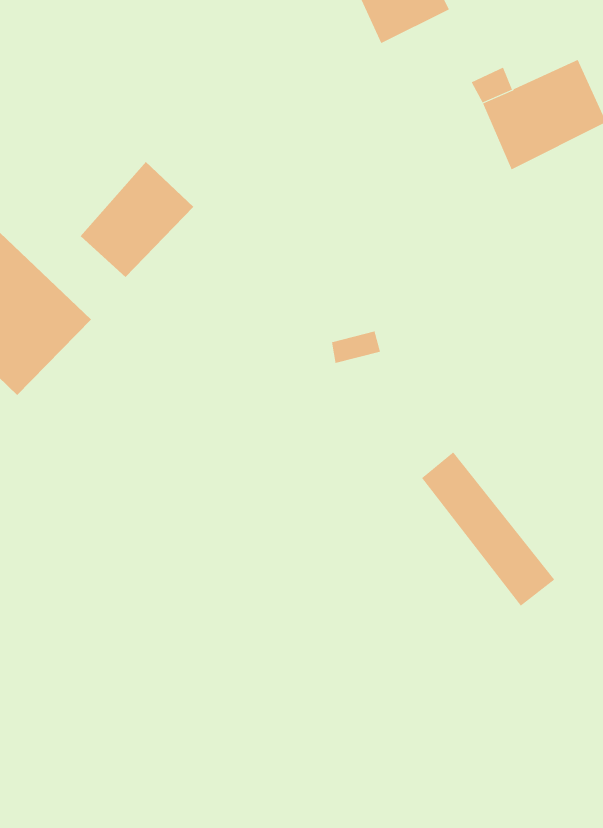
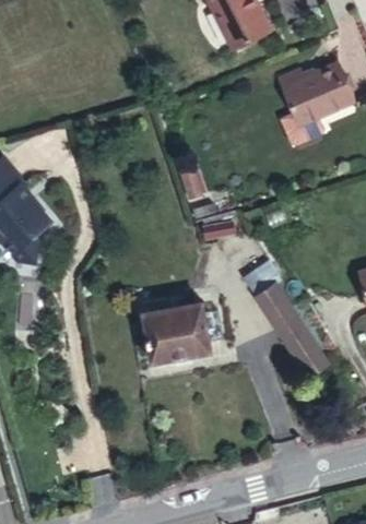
building: [80,161,194,278] -> none
building: none -> [135,302,212,360]

